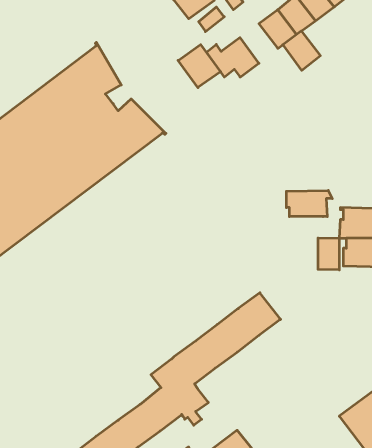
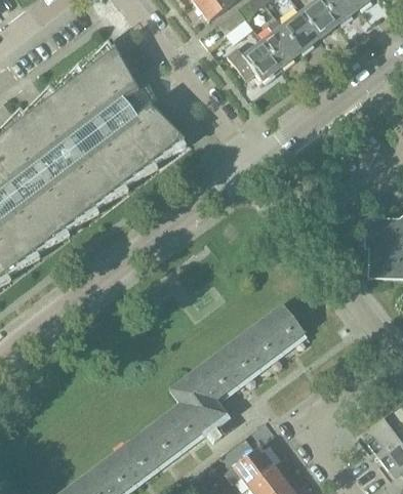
building: [283,31,320,70] -> [261,27,300,68]
building: [178,45,221,88] -> none
building: [286,190,332,217] -> none
building: [318,238,339,270] -> none

